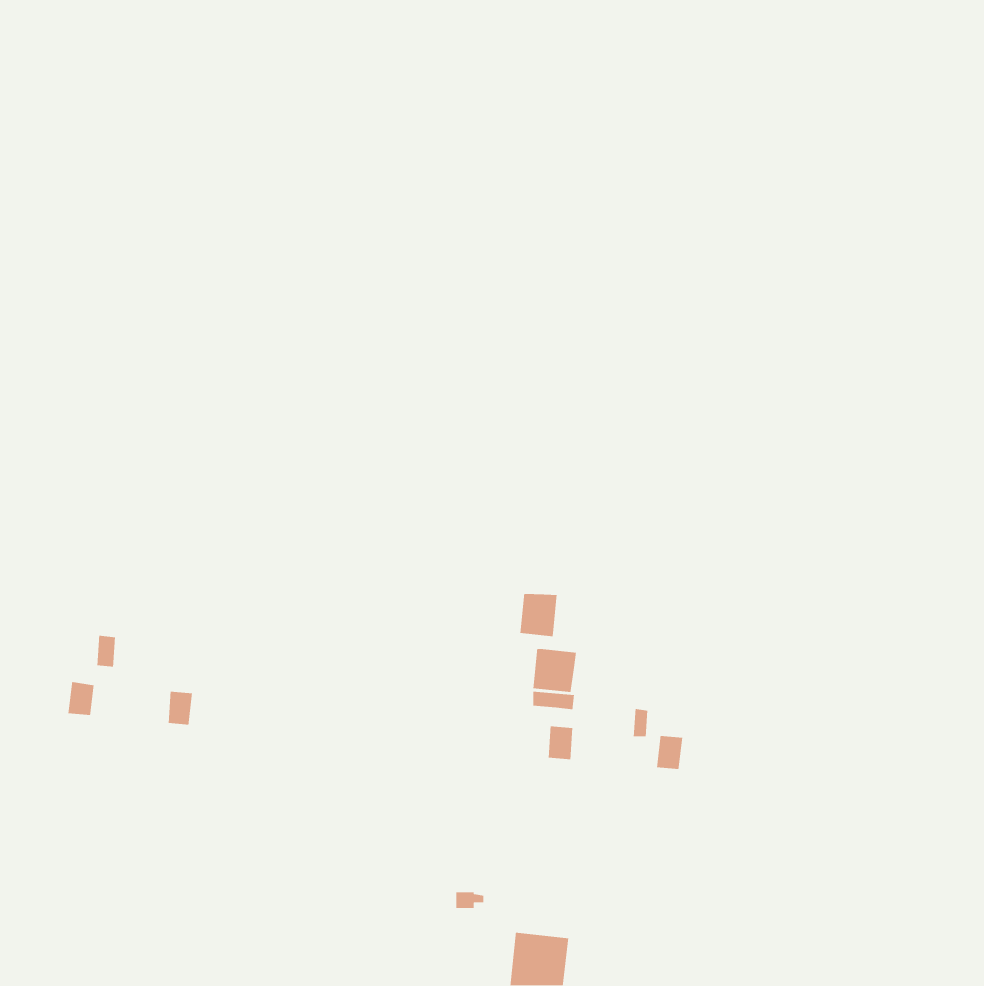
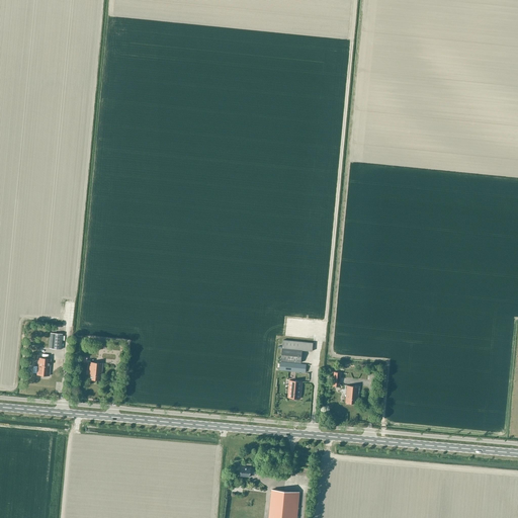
building: [520,593,557,637] -> none

